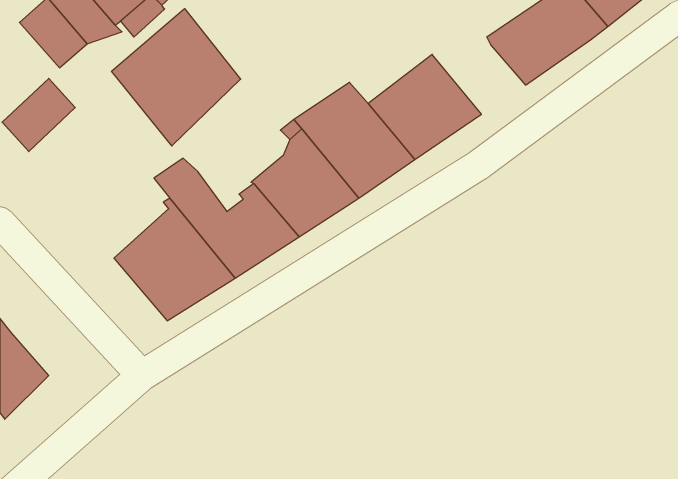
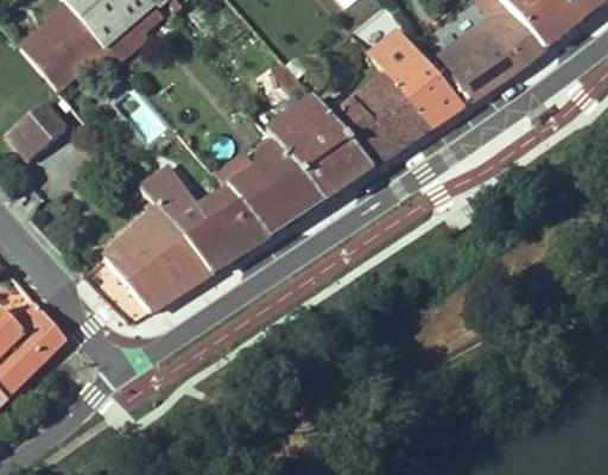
building: none -> [369,30,470,126]
building: [112,9,241,146] -> none
building: none -> [12,300,65,359]

